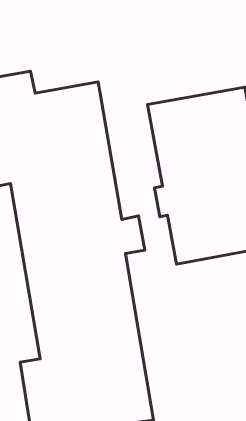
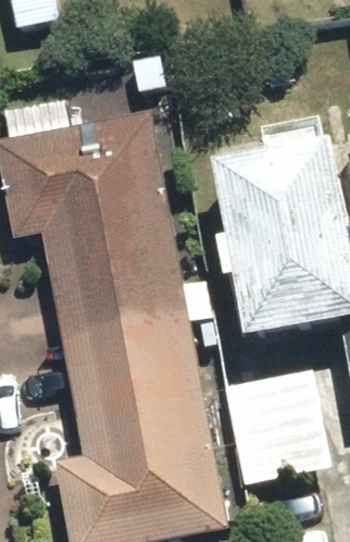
building: none -> [228,370,333,486]

